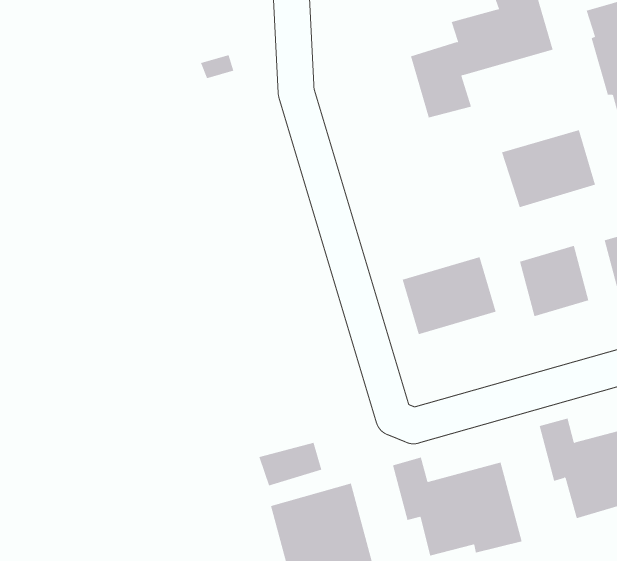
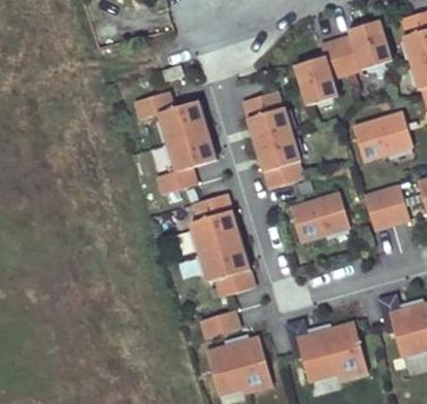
building: none -> [134,90,217,193]
building: none -> [242,90,303,189]
building: none -> [190,192,254,296]

